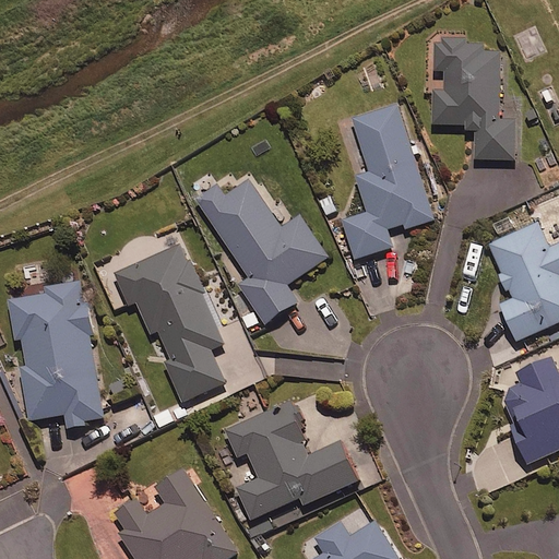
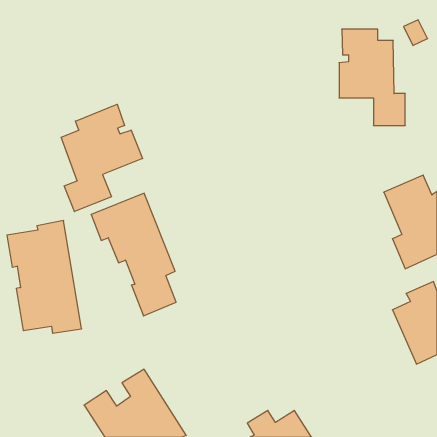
building: [343,104,433,259] -> none
building: none -> [61,104,143,212]
building: [195,179,328,324] -> none
building: [226,403,357,521] -> none

